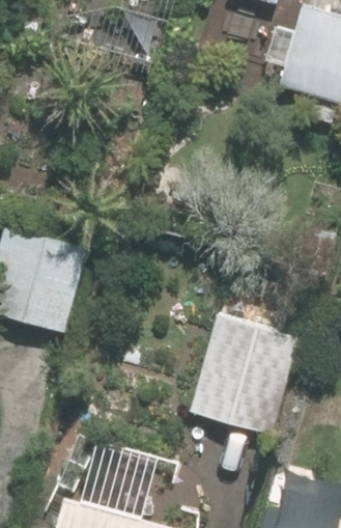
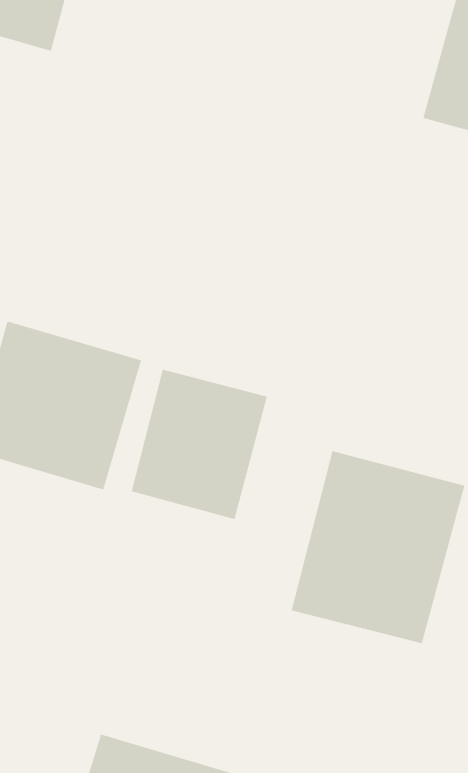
building: none -> [131,369,268,520]

